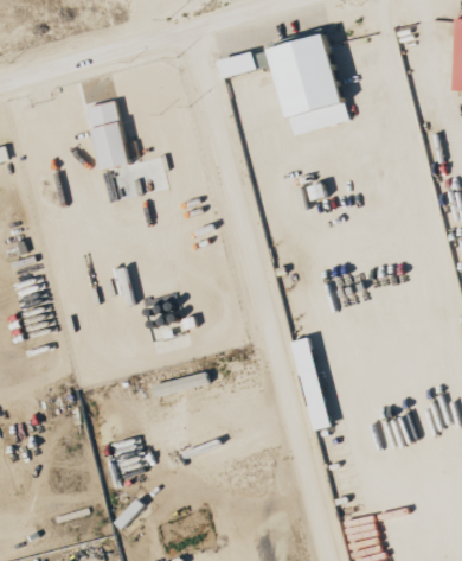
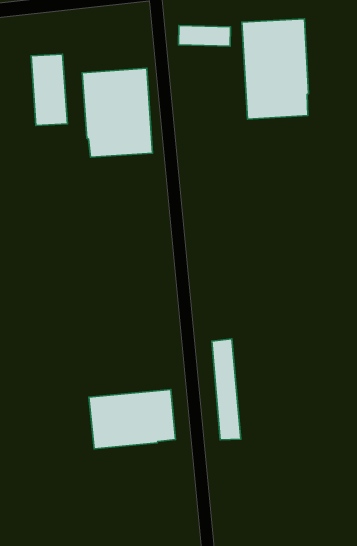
building: none -> [82,68,153,157]
building: none -> [89,390,176,449]

